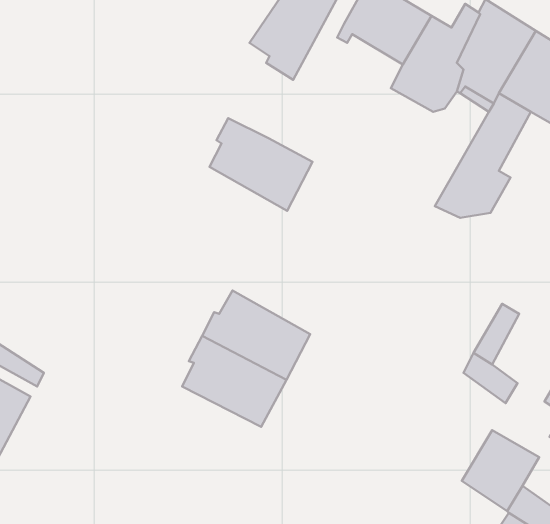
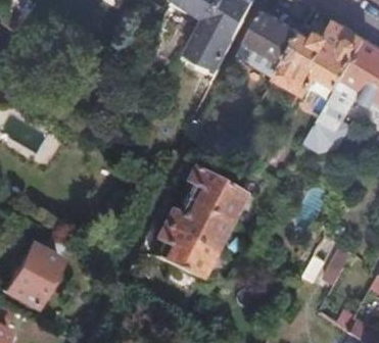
building: [210,118,312,211] -> [180,169,242,226]

